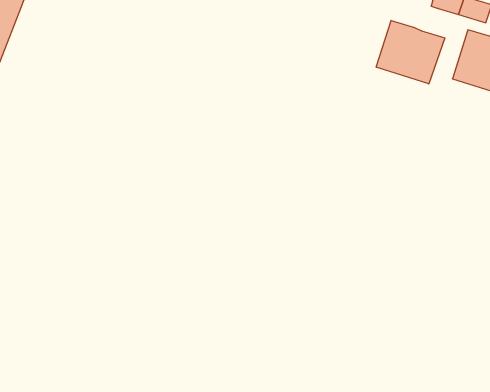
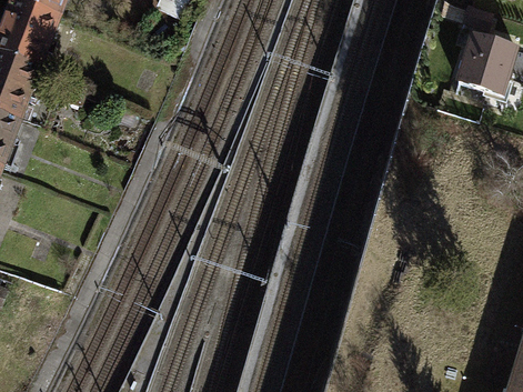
building: [376,20,445,84] -> none

